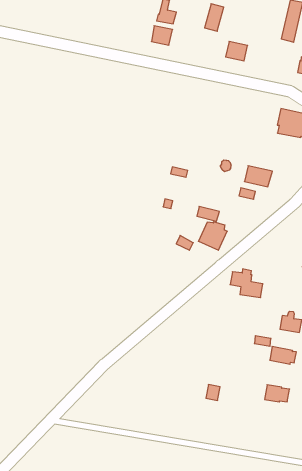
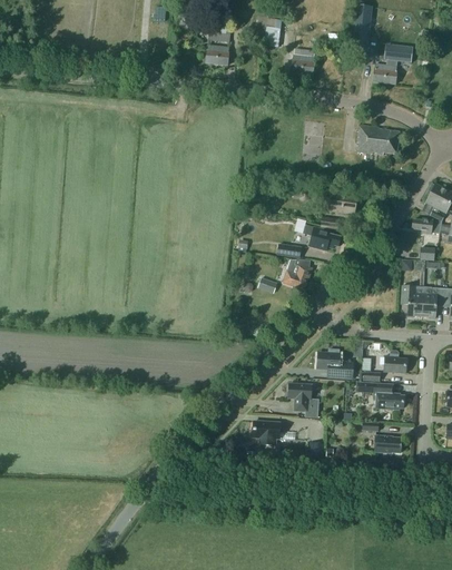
building: none -> [303,226,341,252]
building: [230,269,263,298] -> [316,348,353,379]
building: none -> [288,383,318,417]
building: none -> [252,421,279,445]

